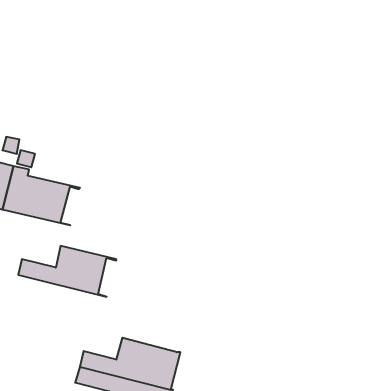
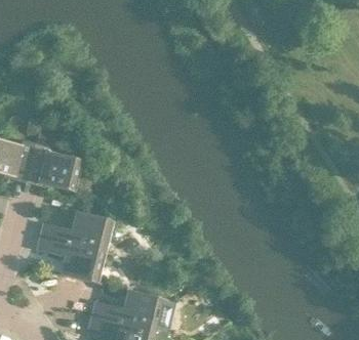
building: none -> [36,236,114,286]

